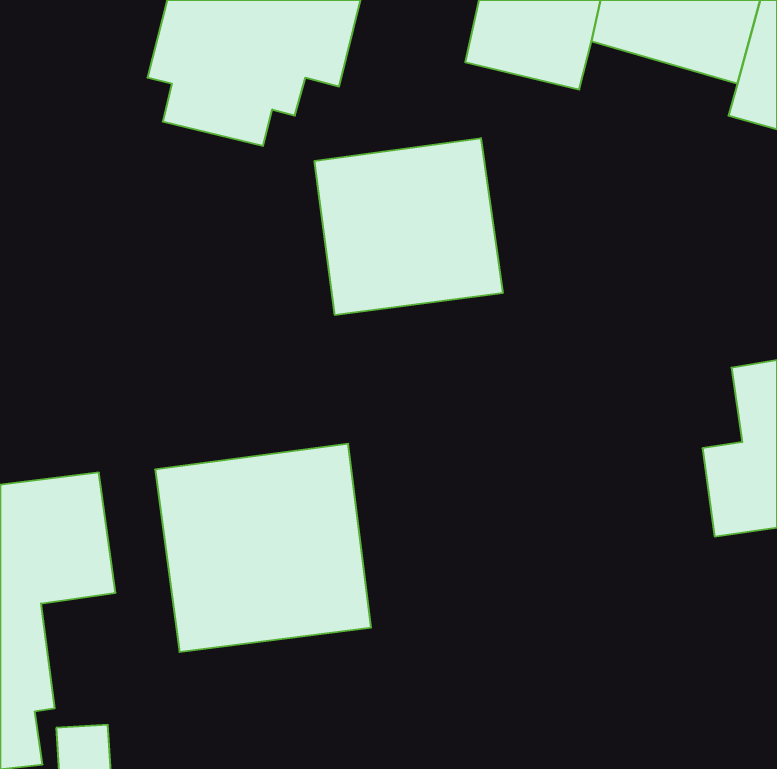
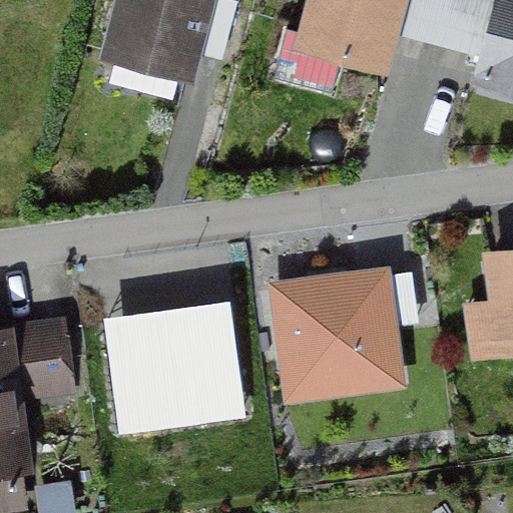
building: [315,138,503,315] -> none
building: none -> [268,264,419,404]

